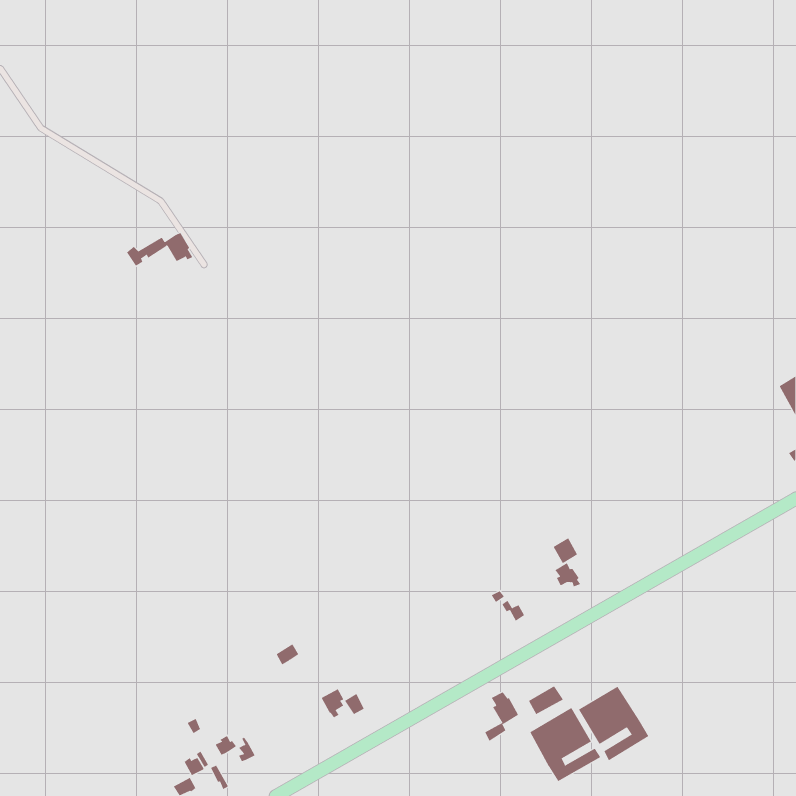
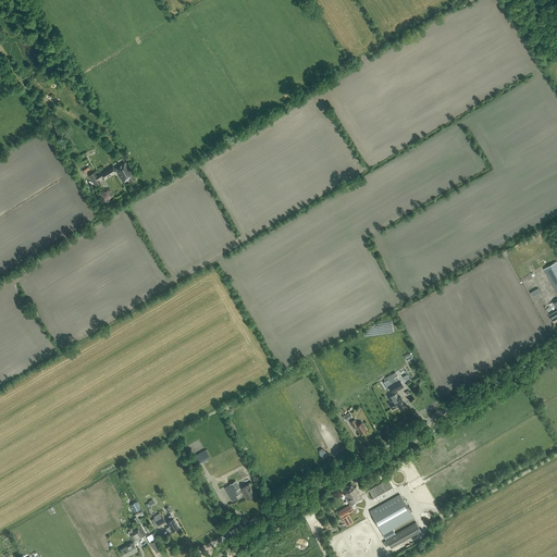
building: [578,686,649,761] -> none

